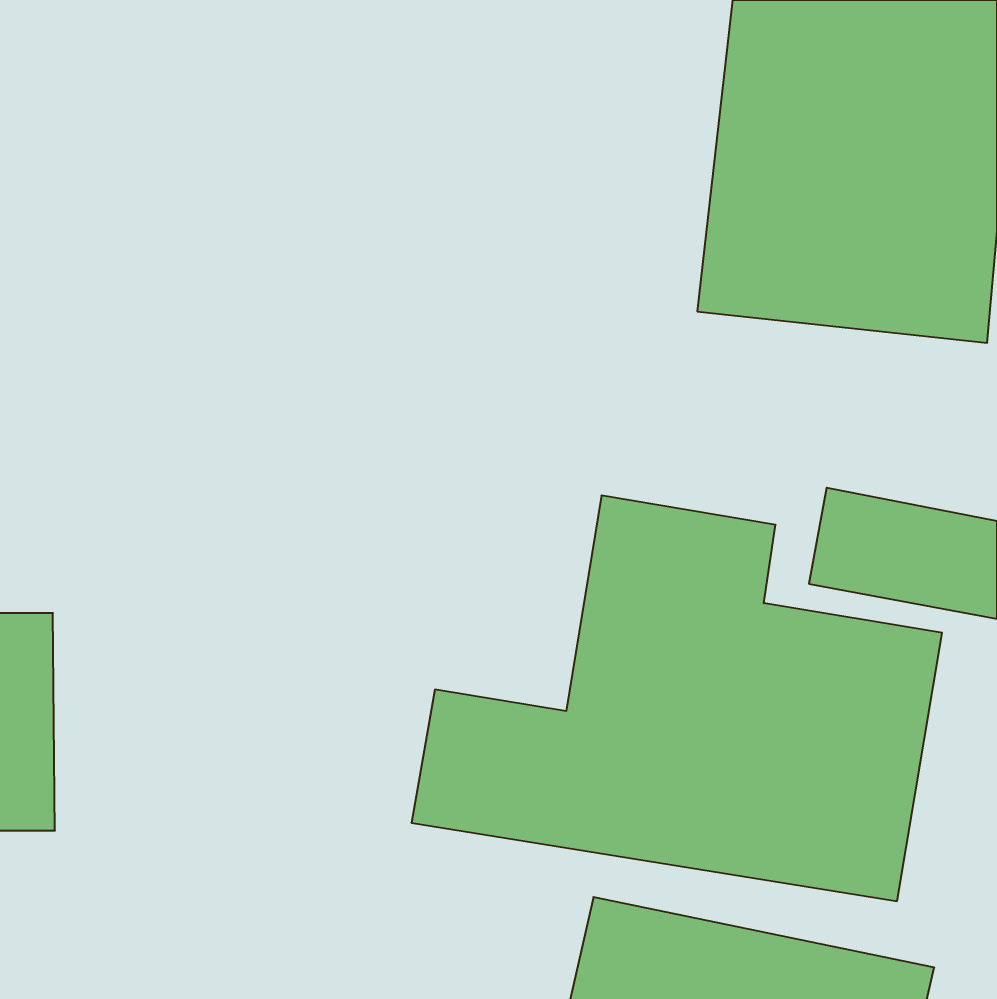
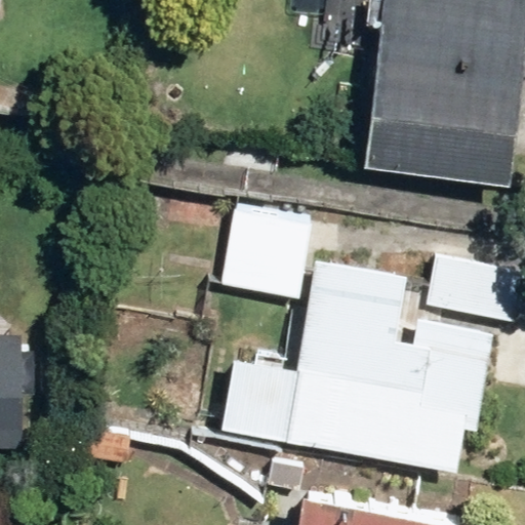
building: none -> [219,202,313,300]

